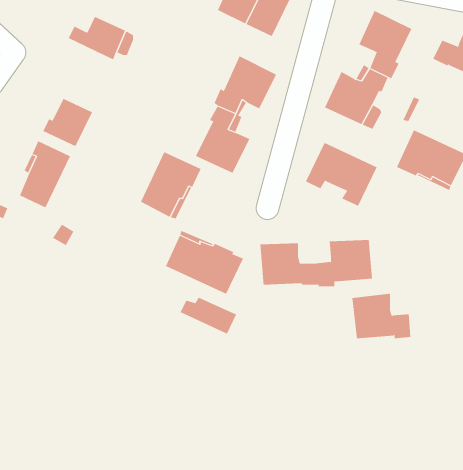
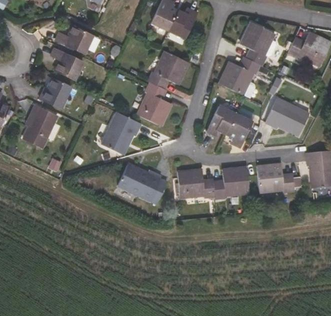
building: none -> [50,47,82,80]
building: [351,293,411,339] -> [256,162,294,191]
building: [180,297,237,335] -> none

